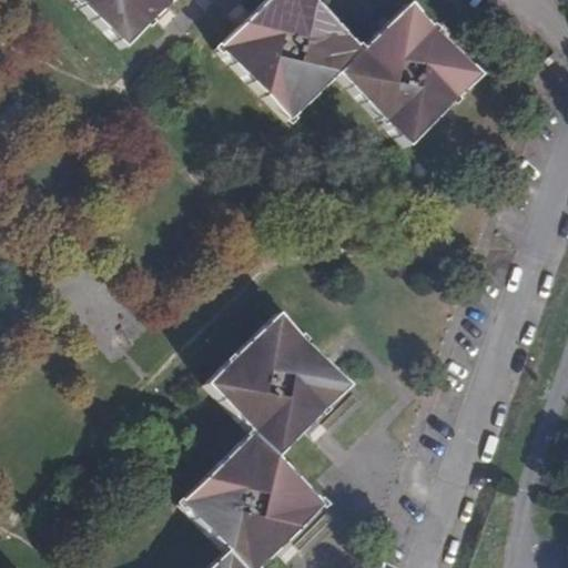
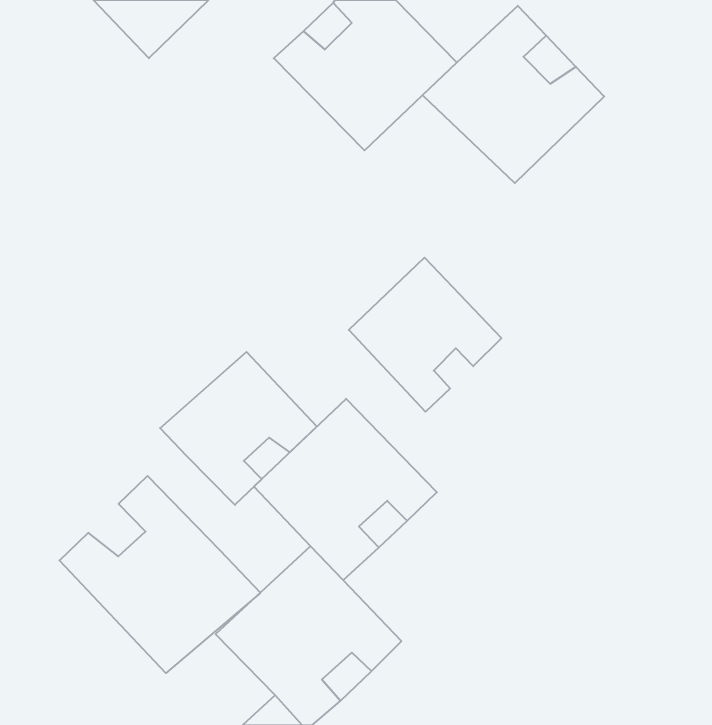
building: none -> [349,258,501,412]
building: none -> [160,352,317,505]
building: none -> [59,476,260,673]

